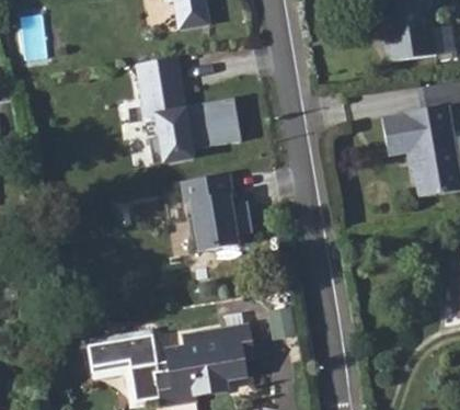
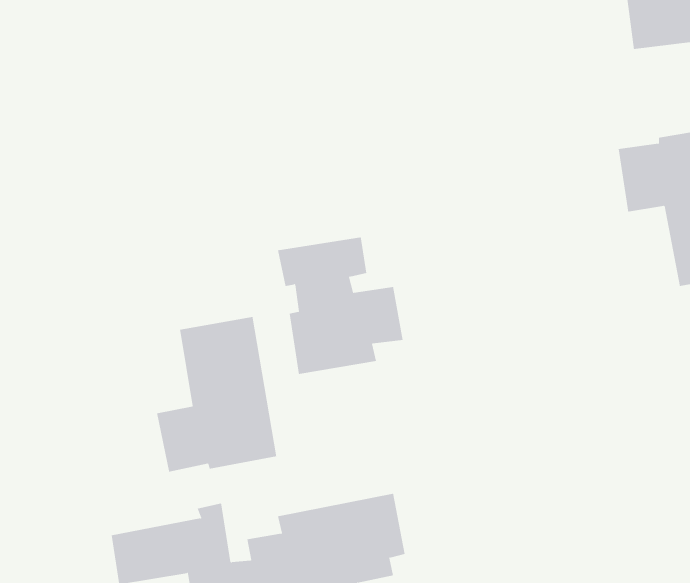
building: [136,57,240,164] -> none
building: none -> [157,316,277,472]

